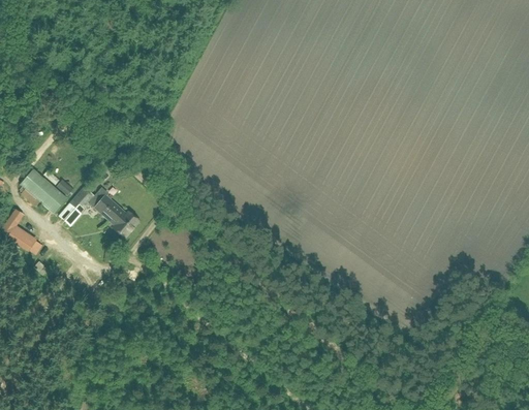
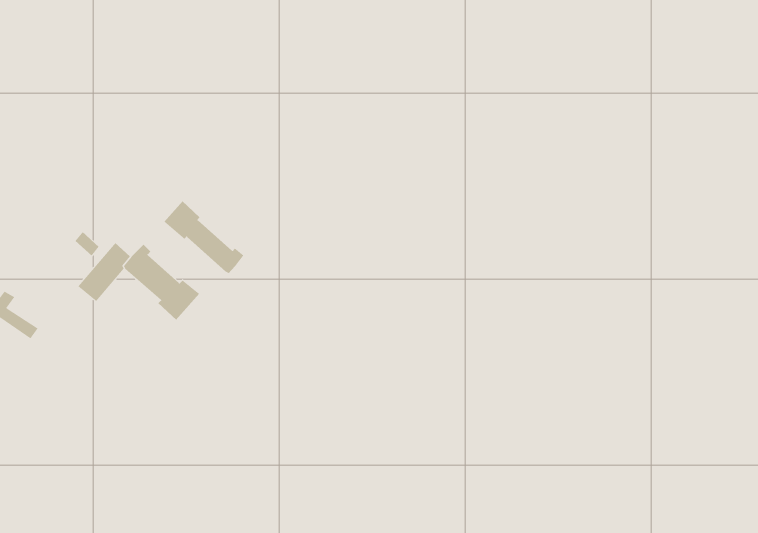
building: none -> [163,200,244,274]
building: [21,168,68,213] -> none

